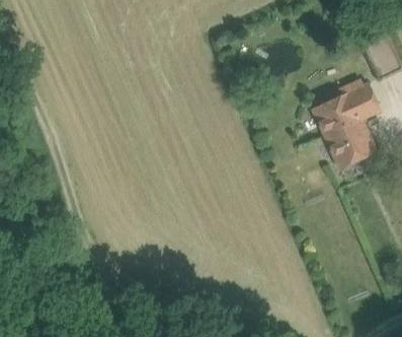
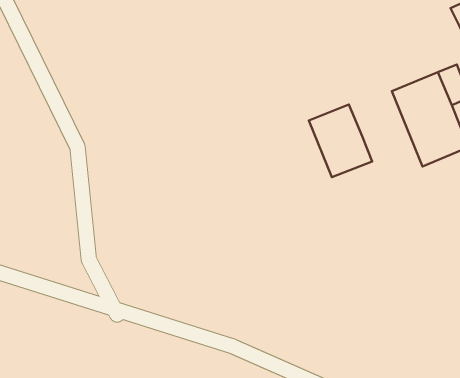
building: none -> [309,105,372,177]

